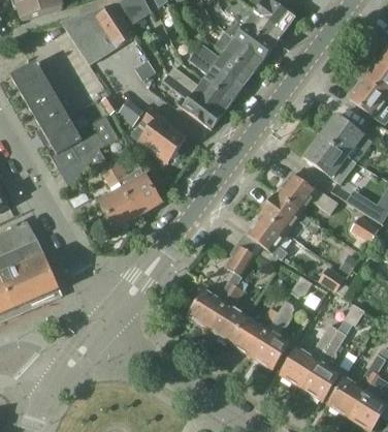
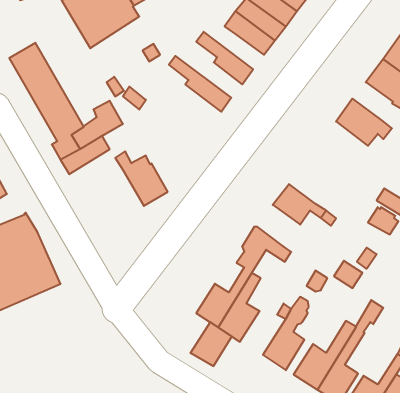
building: [195,41,252,85] -> none
building: [168,65,231,112] -> none
building: [131,106,186,159] -> none
building: [303,134,356,184] -> none
building: [101,168,138,226] -> none
building: [276,173,338,214] -> none
building: [246,213,288,258] -> none
building: [229,313,268,354] -> [190,322,232,366]

